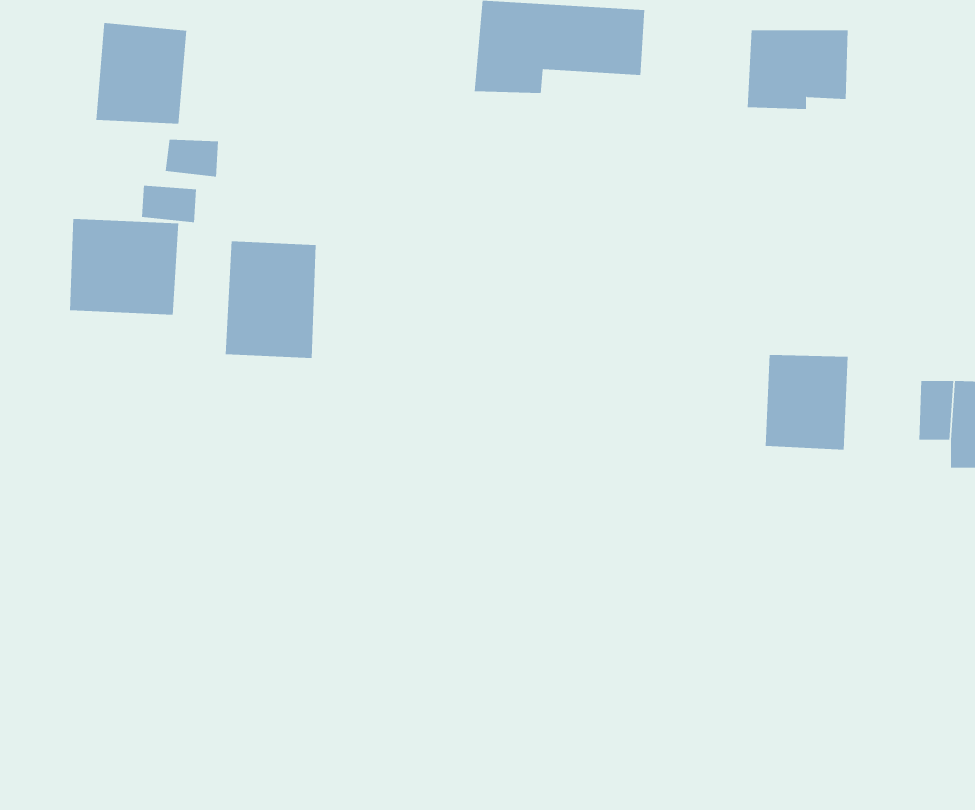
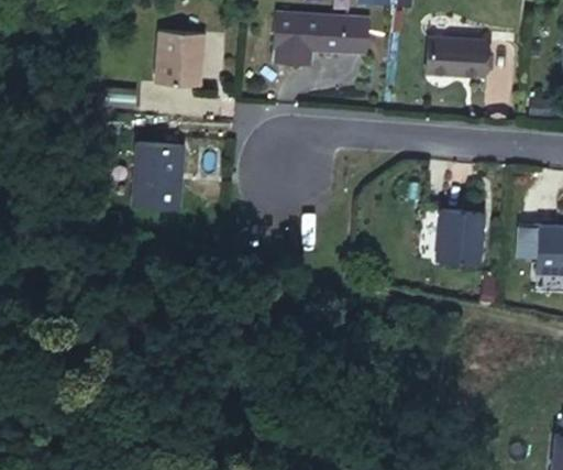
building: [96,23,187,124] -> [156,32,207,88]
building: [70,218,179,316] -> none

